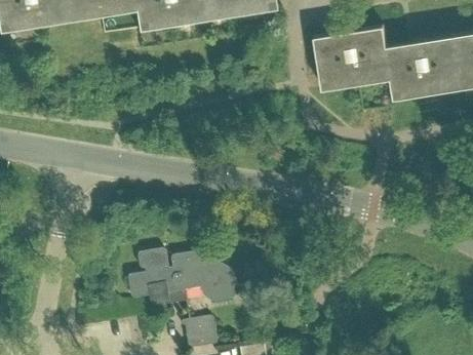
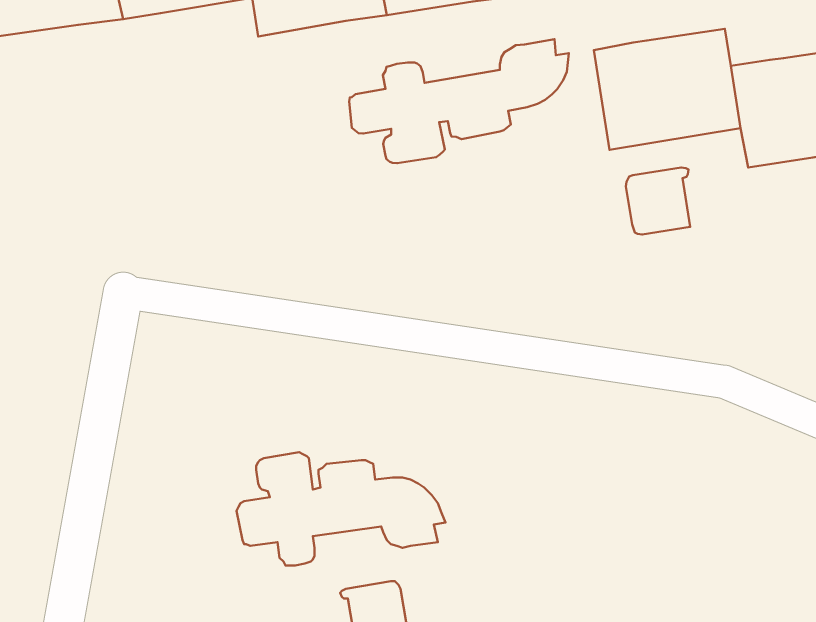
building: none -> [349,39,569,163]
building: none -> [626,168,690,234]

